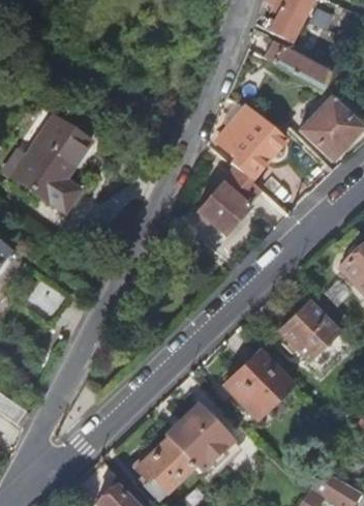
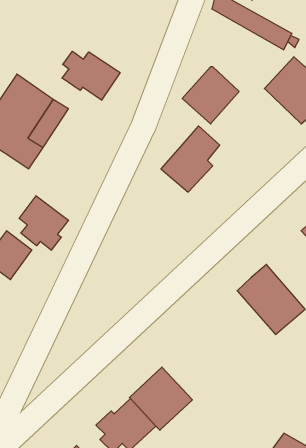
building: none -> [62,51,120,100]
building: none -> [19,196,68,250]
building: [223,350,294,418] -> none

